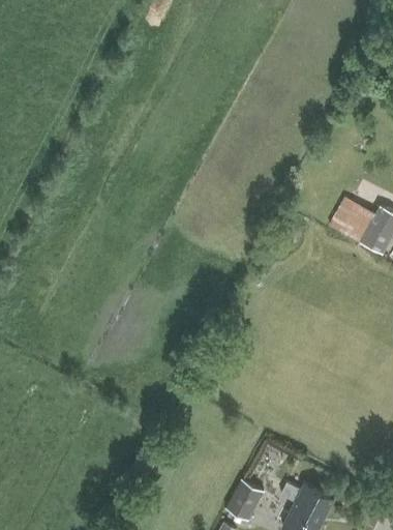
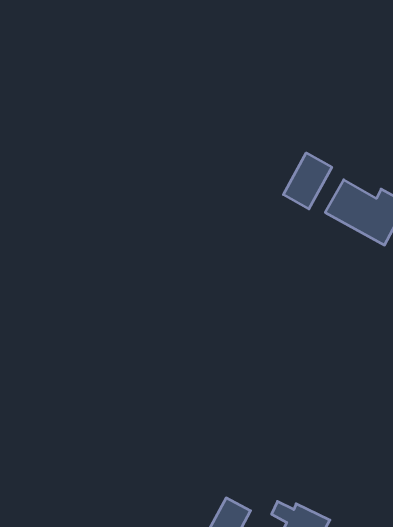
building: none -> [283,153,332,209]

